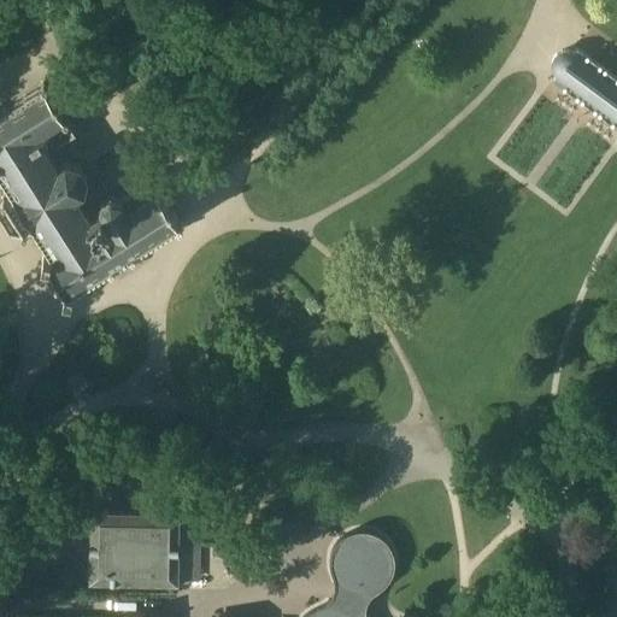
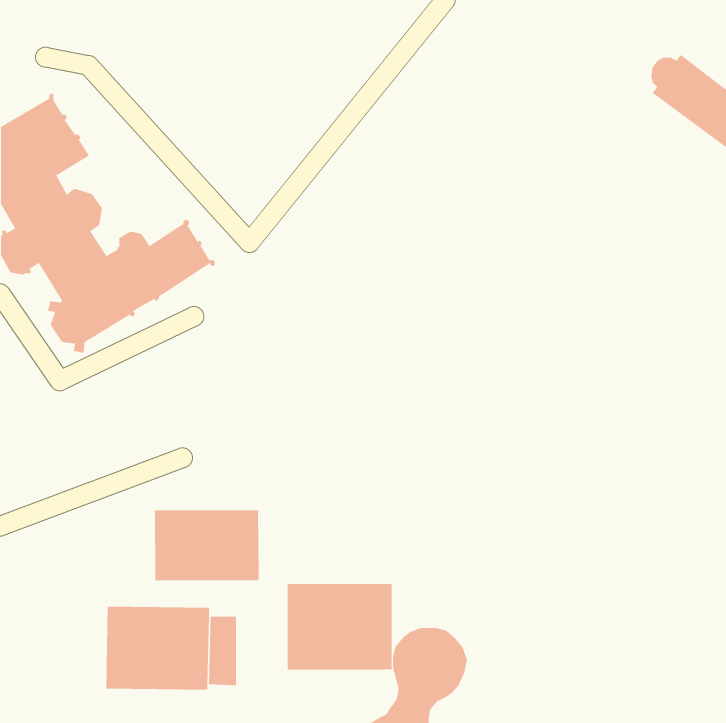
building: none -> [154,510,259,581]
building: none -> [287,583,392,671]

